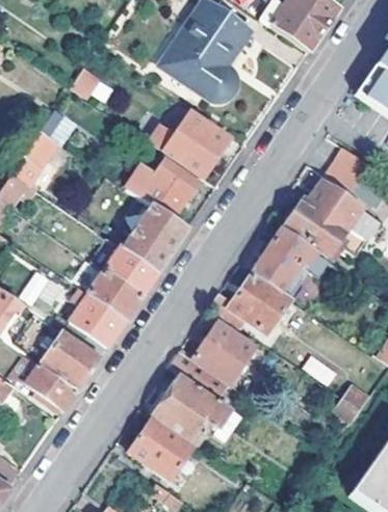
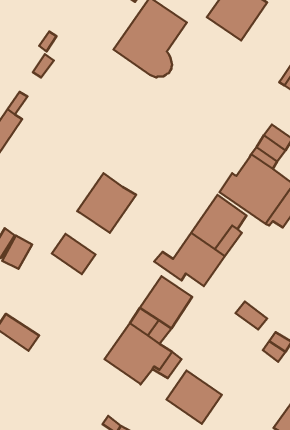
building: [149,111,230,176] -> none
building: [127,159,200,218] -> none
building: [107,248,158,296] -> none
building: [73,295,126,346] -> none
building: [41,331,99,387] -> none
building: [129,416,192,478] -> [167,371,222,424]

